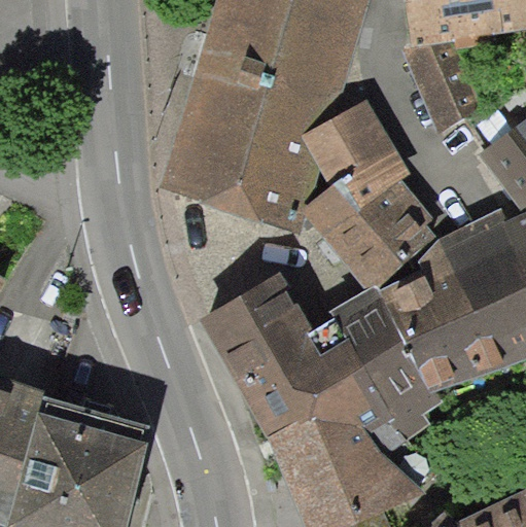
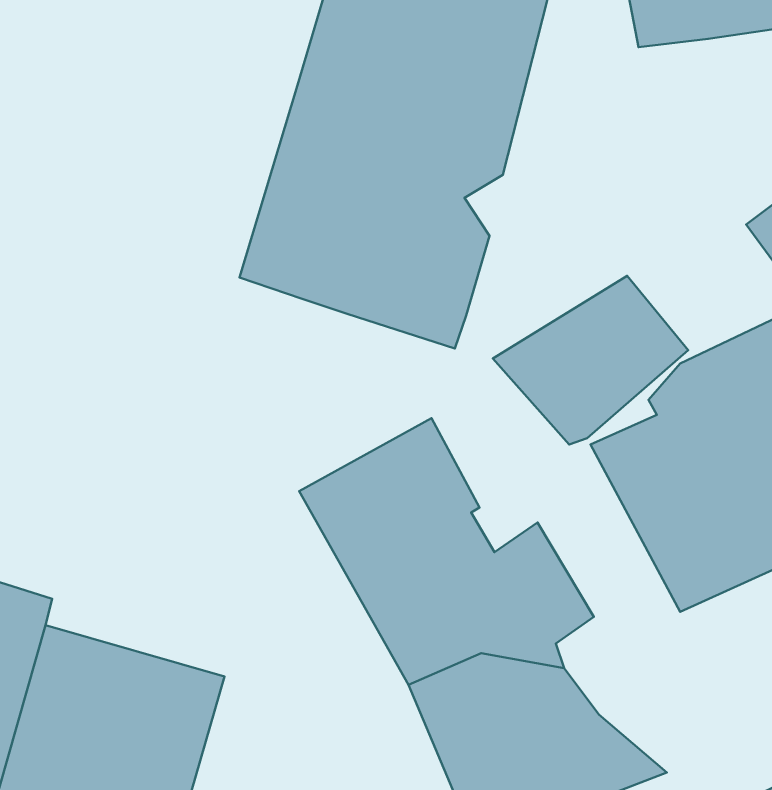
building: [408,37,478,133] -> none
building: [304,97,417,236] -> none
building: [308,285,442,457] -> none

